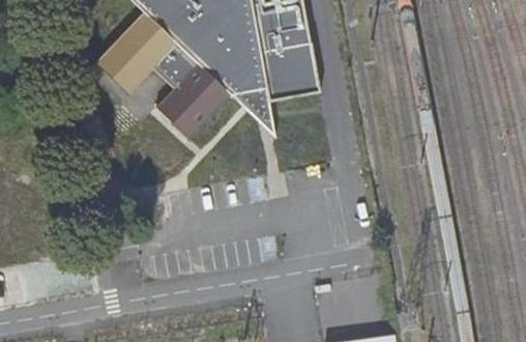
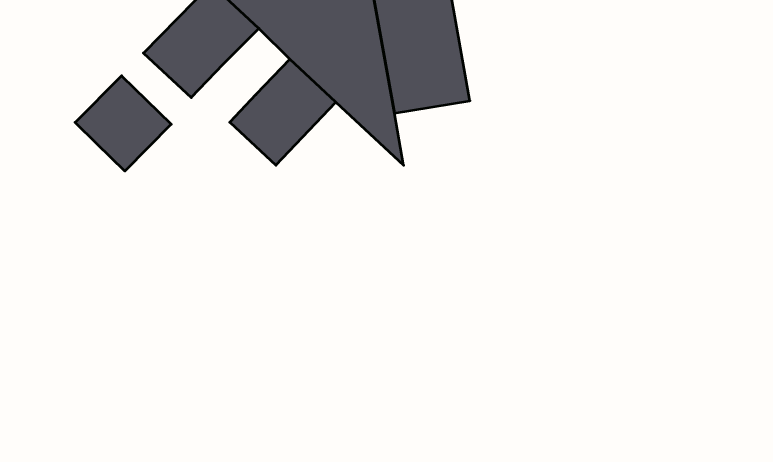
building: [152,44,197,88] -> none
building: none -> [75,76,171,171]

